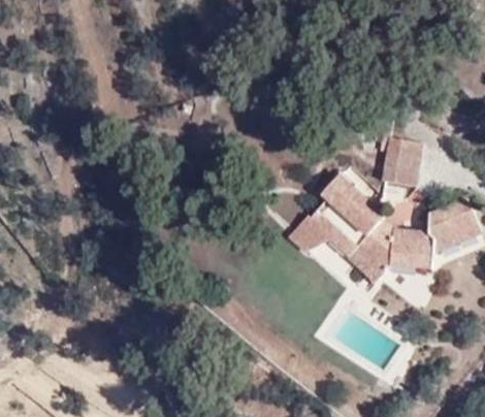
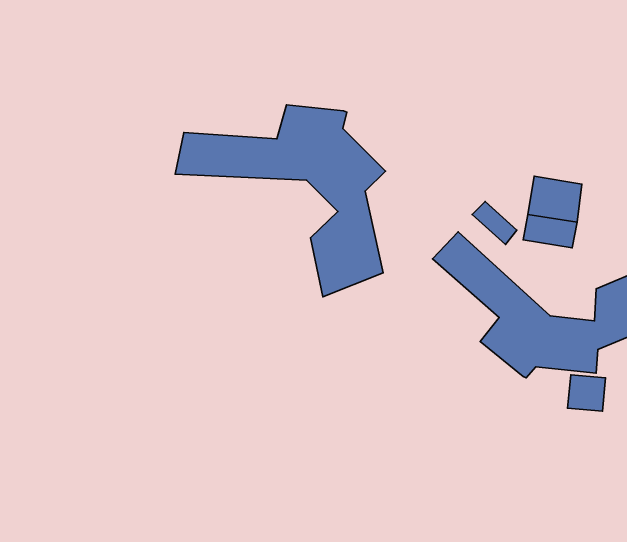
building: none -> [175,105,385,297]
building: [288,214,382,281] -> none

